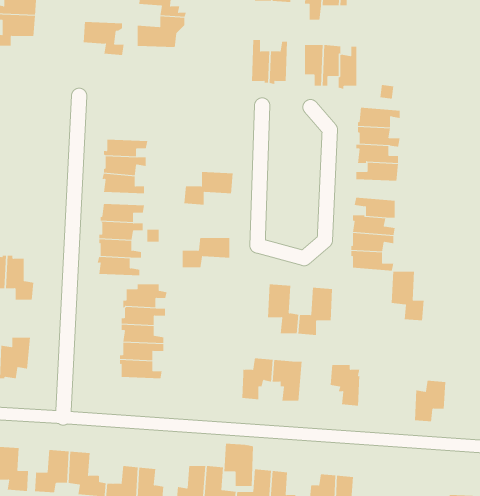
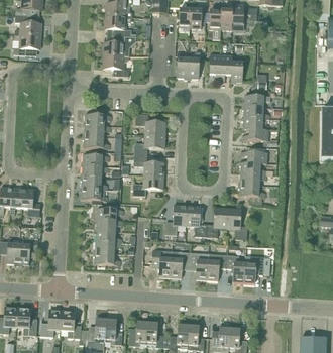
building: [83,22,125,55] -> [104,55,130,77]
building: none -> [136,113,165,135]
building: none -> [134,154,164,175]
building: [391,271,425,321] -> [227,208,248,239]
building: none -> [165,205,188,235]
building: none -> [207,253,227,279]
building: [414,380,446,422] -> [244,256,264,282]
building: [223,443,254,486] -> [152,249,172,276]

